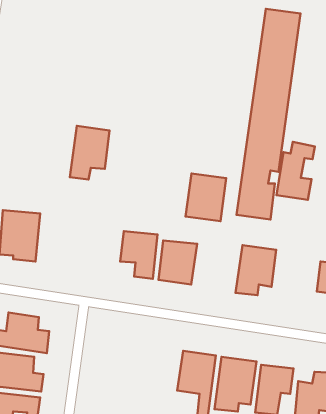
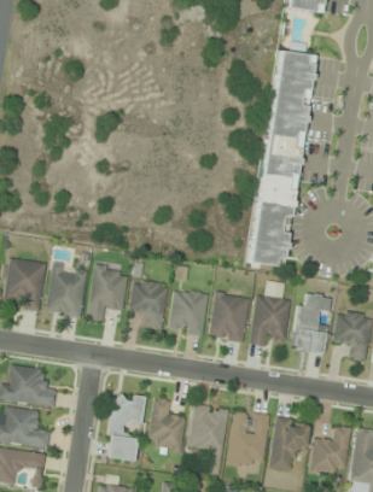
building: [70,126,109,179] -> [87,265,128,321]
building: [276,142,315,200] -> [291,293,331,353]
building: [186,174,226,221] -> [208,292,250,341]
building: none -> [45,264,88,317]
building: none -> [106,393,146,461]
building: none -> [148,398,186,451]

